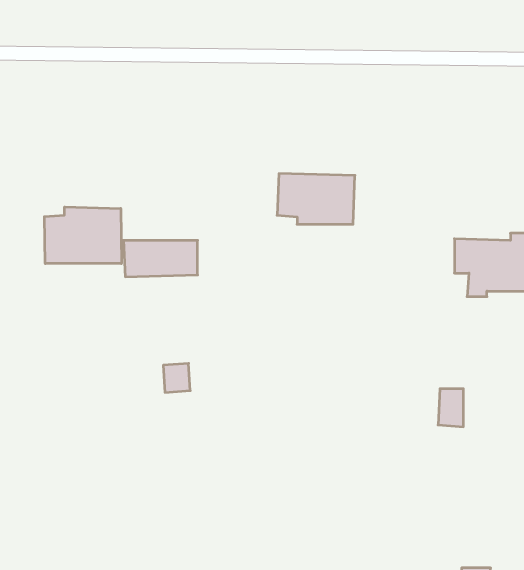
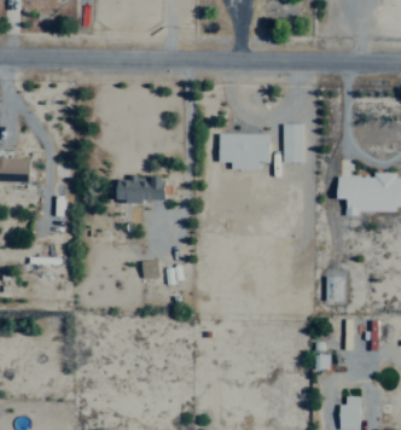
building: none -> [284,123,304,162]
building: [44,207,121,264] -> none

